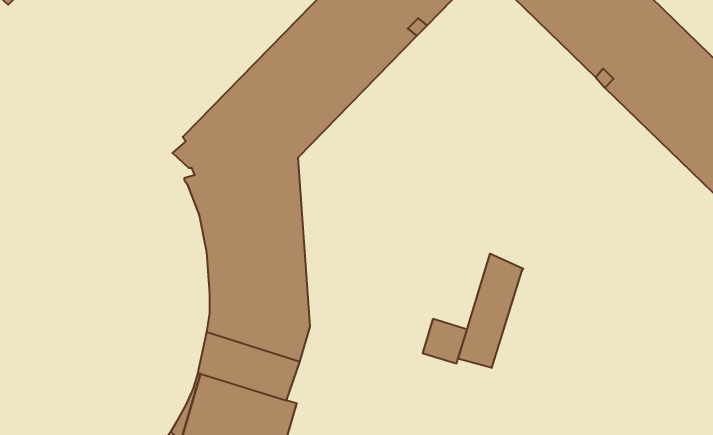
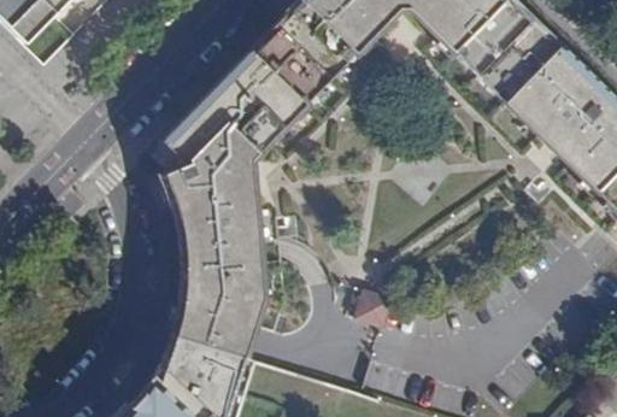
building: [458,254,523,368] -> none

